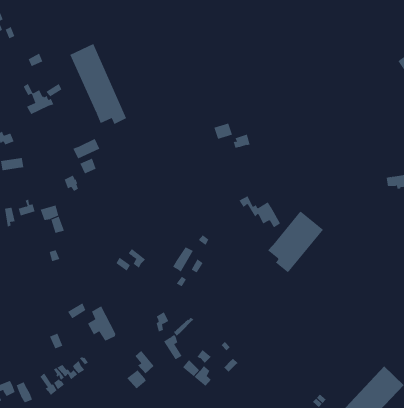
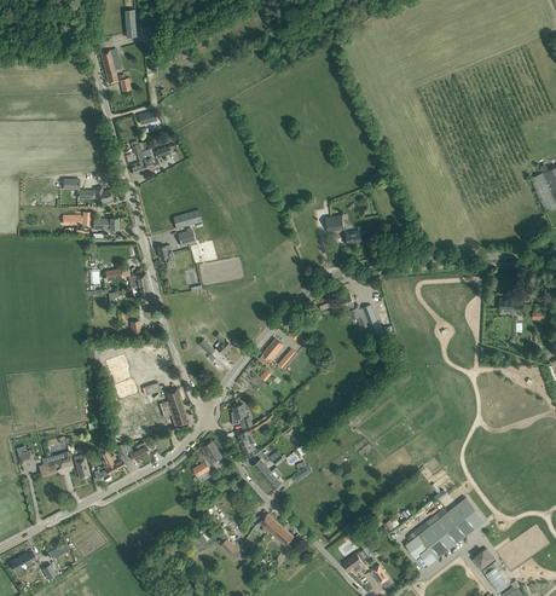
building: [70,43,127,125] -> none
building: [267,211,324,273] -> none

